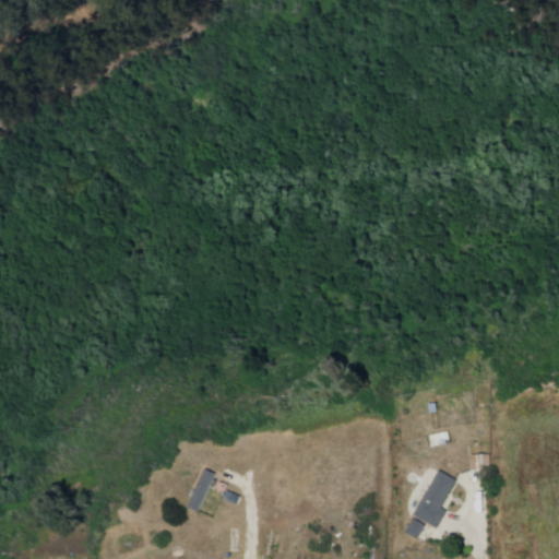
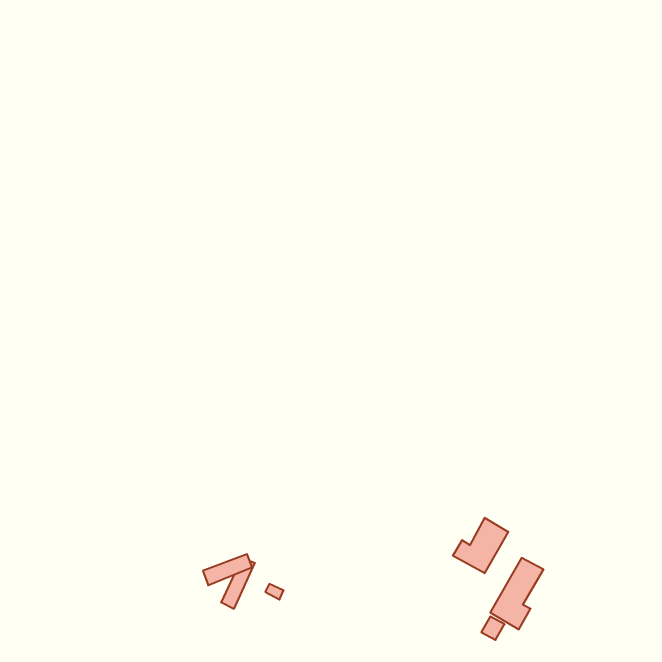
building: none -> [453,518,508,573]

